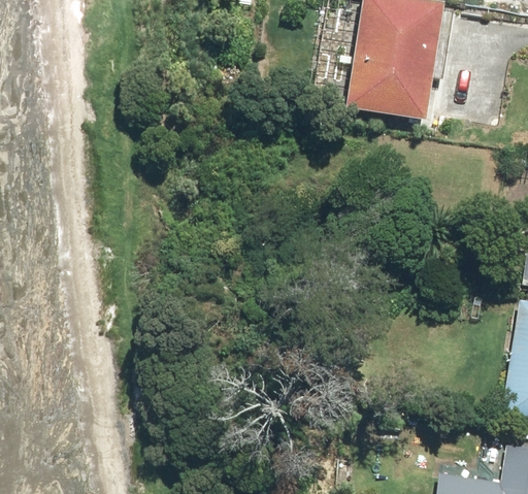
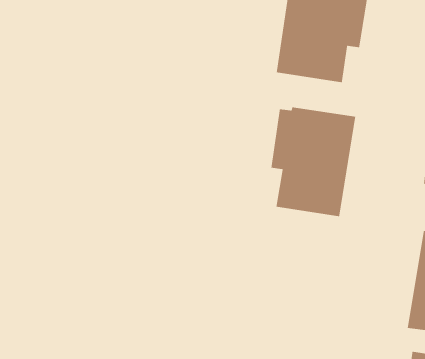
building: none -> [270,106,356,217]

